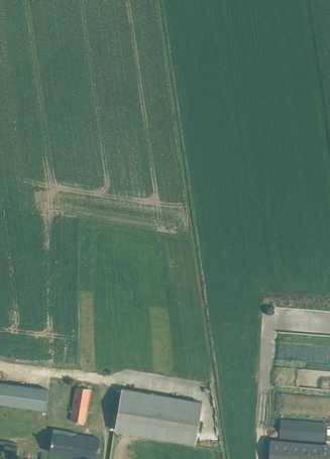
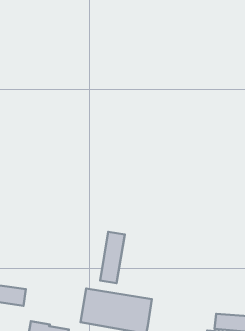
building: none -> [100,232,125,283]
building: [70,387,90,424] -> none

